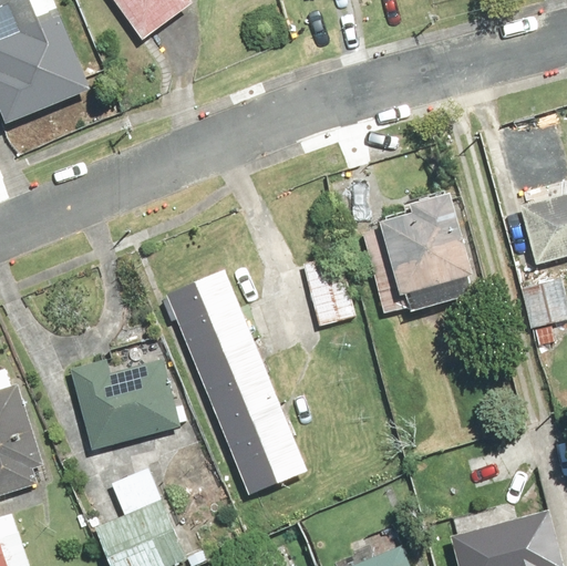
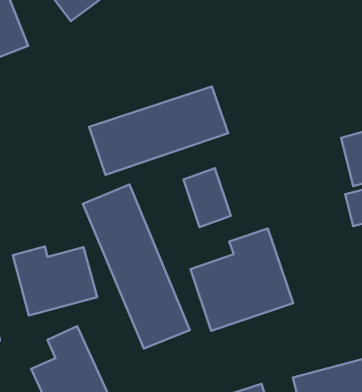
building: none -> [89,86,228,175]
building: [357,188,481,323] -> none
building: none -> [191,229,293,331]

